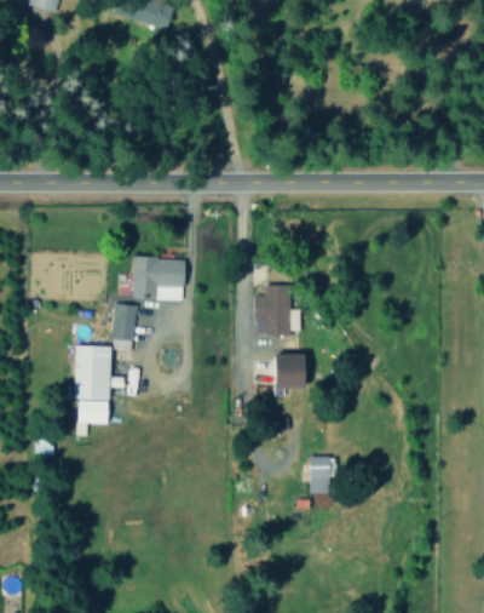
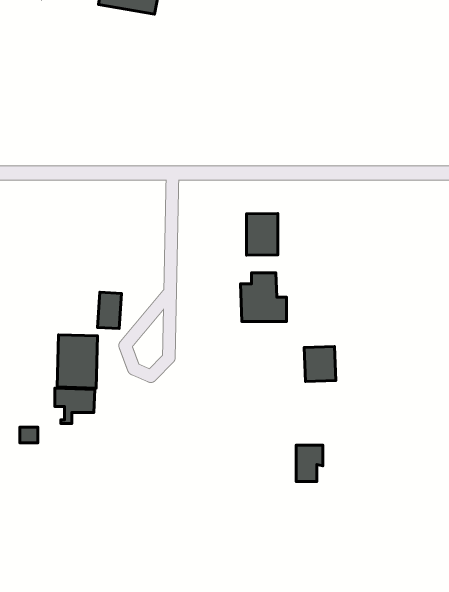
building: none -> [247,214,278,255]
building: [131,257,185,300] -> none
building: [277,354,309,389] -> [304,346,336,382]

